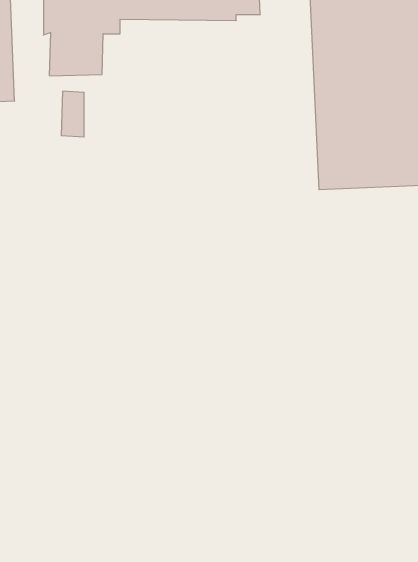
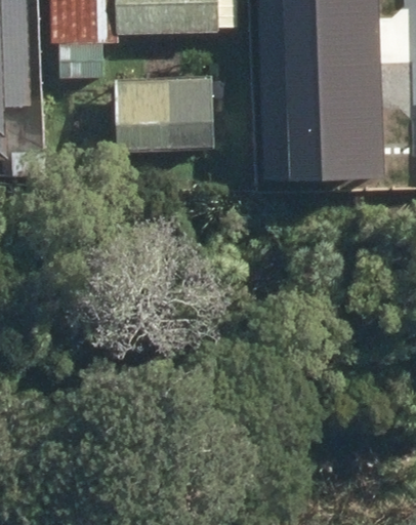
building: none -> [115,81,215,151]

